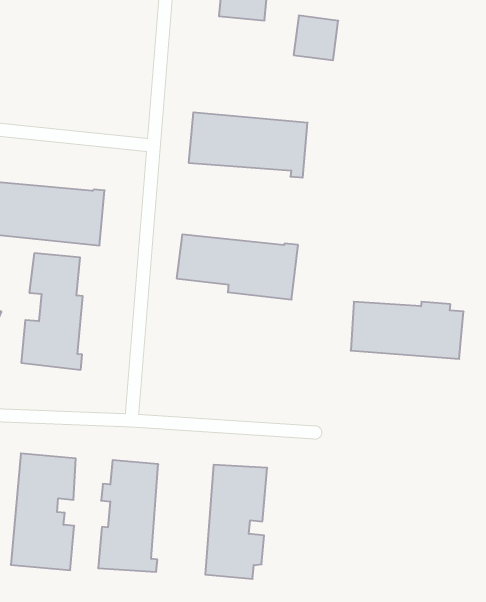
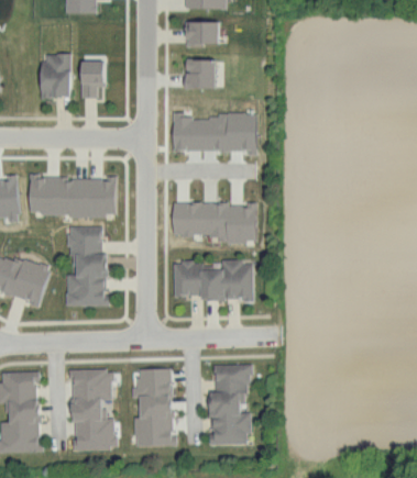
building: none -> [41,53,70,97]
building: [294,16,338,60] -> [185,58,215,88]
building: none -> [80,60,103,98]
building: [351,302,464,359] -> [173,259,252,299]

